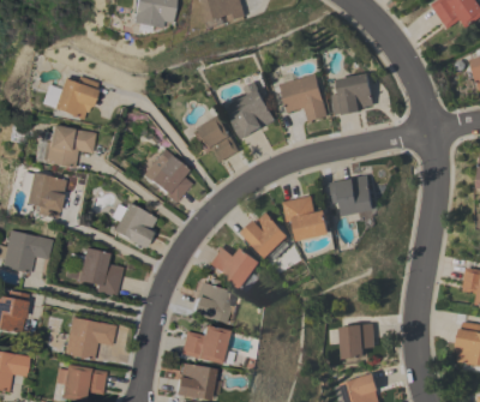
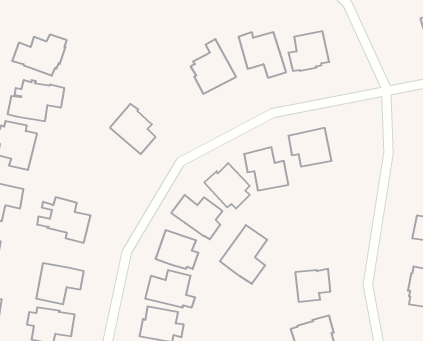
building: [191,114,242,162] -> none
building: [113,203,157,247] -> none
building: none -> [220,225,267,284]

